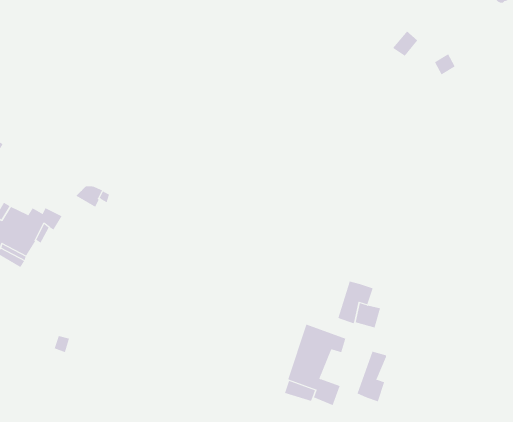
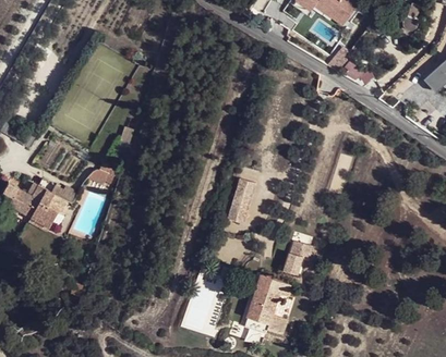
building: none -> [224,178,254,225]
building: [357,351,387,402] -> none

